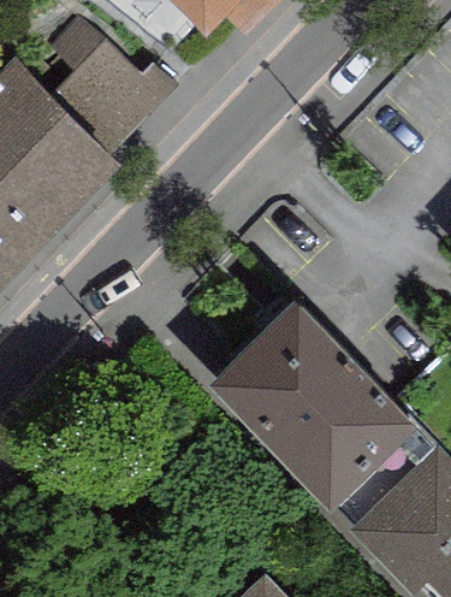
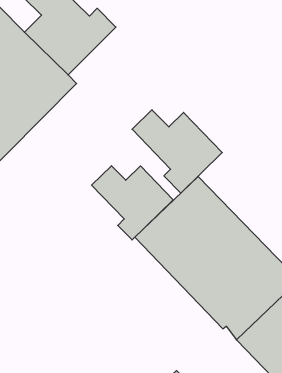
building: none -> [132,110,222,193]
building: none -> [92,166,173,240]

